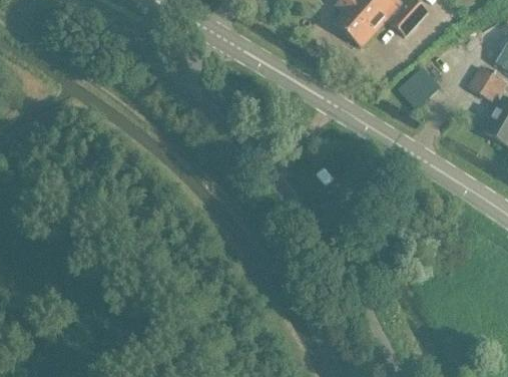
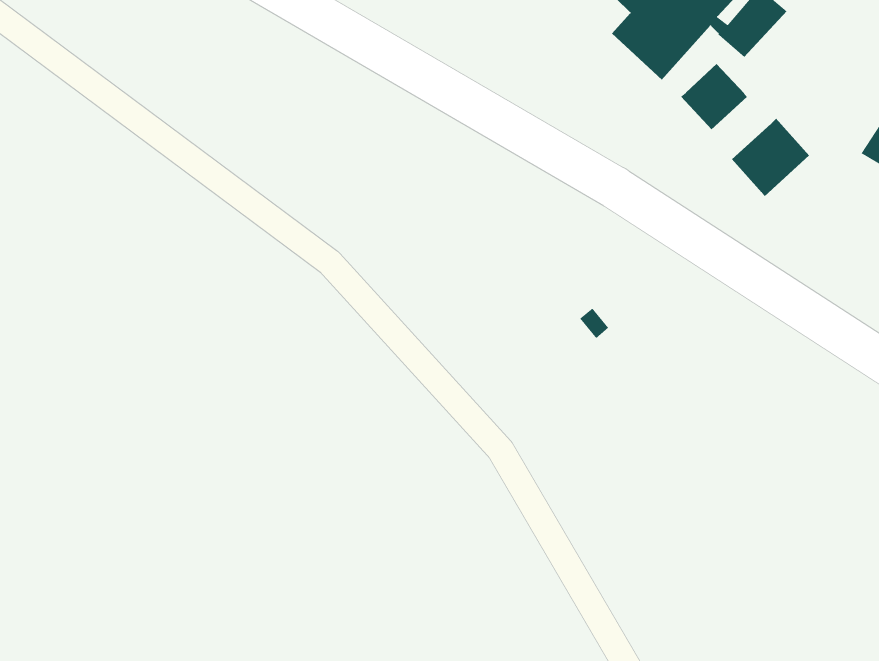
building: none -> [680,63,748,130]

